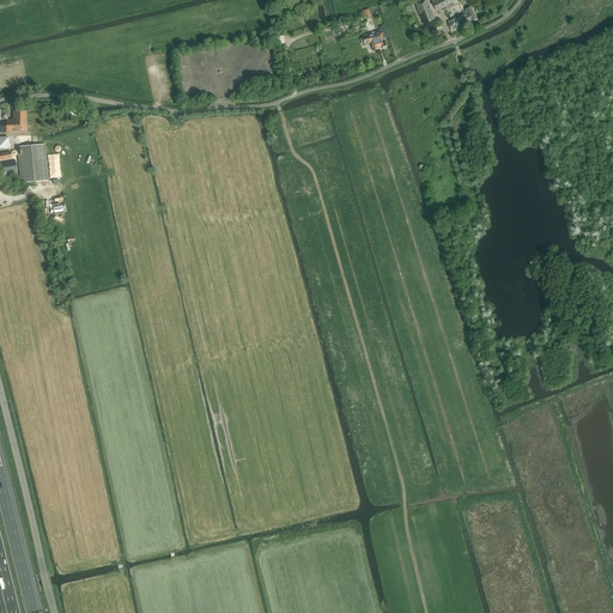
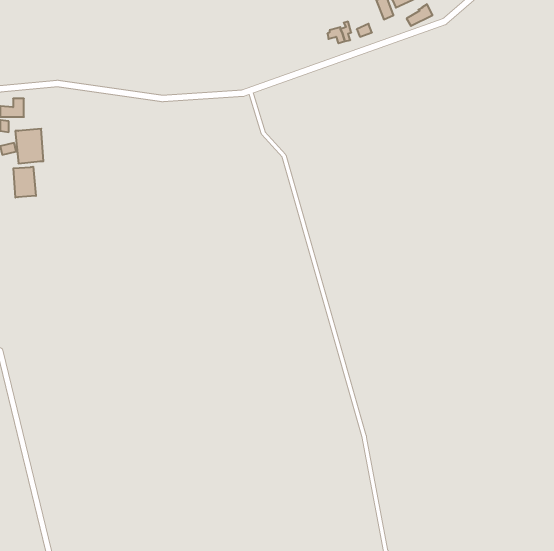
building: none -> [13,167,36,198]

